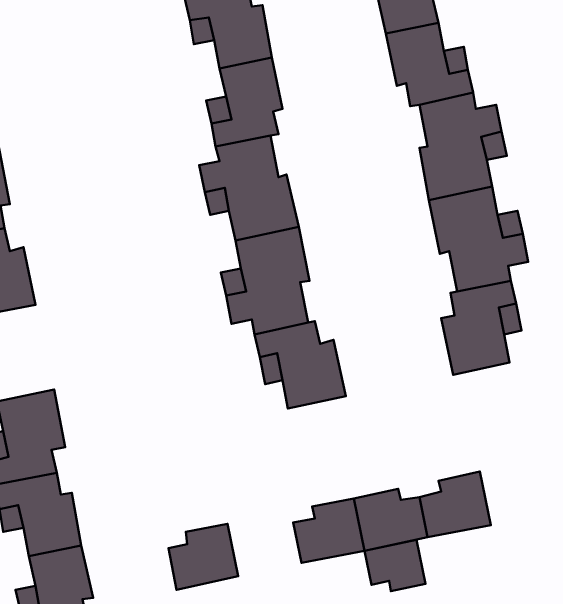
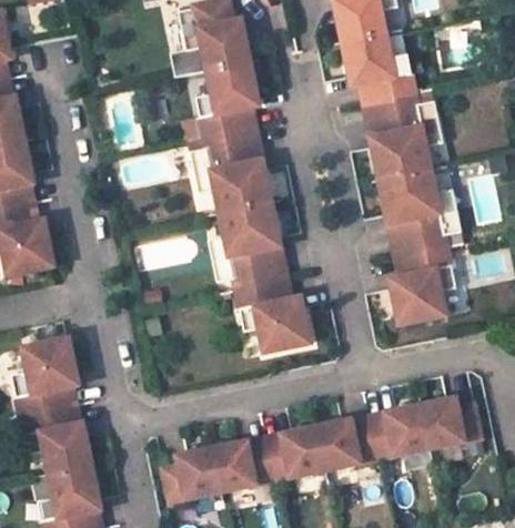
building: none -> [422,397,483,448]
building: none -> [213,439,274,490]
building: [364,540,425,591] -> none

